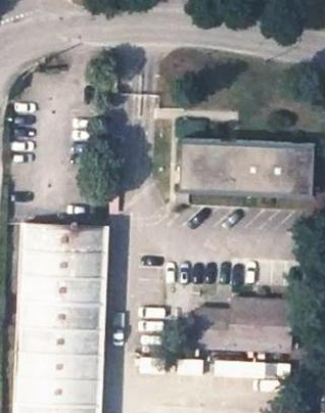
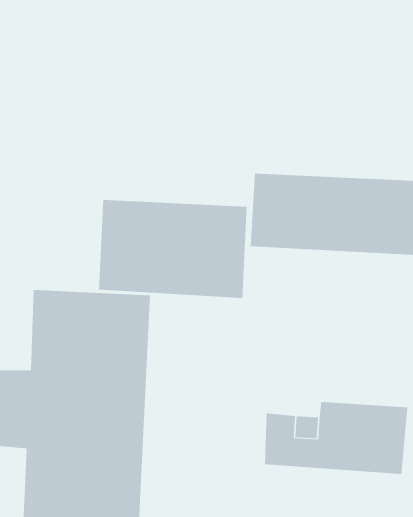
building: none -> [99,199,247,299]

